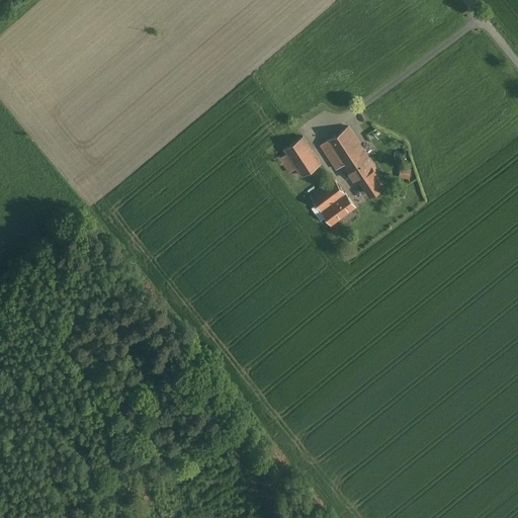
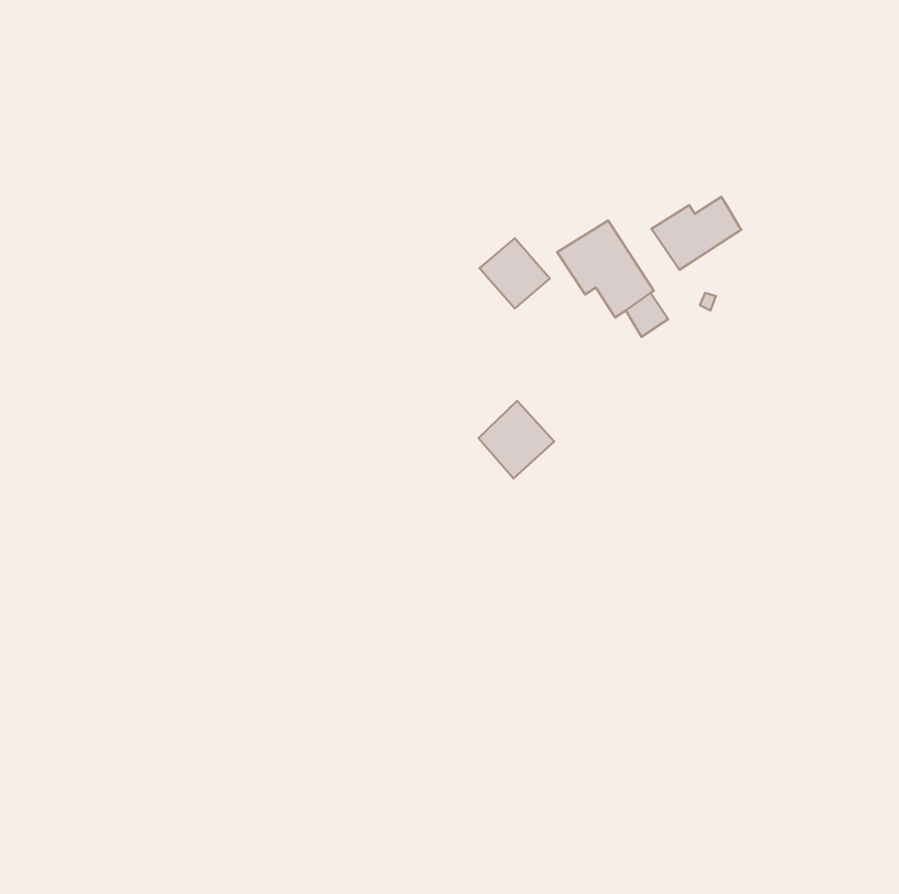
building: none -> [652,197,741,270]
building: [311,183,354,228] -> [478,401,554,479]

